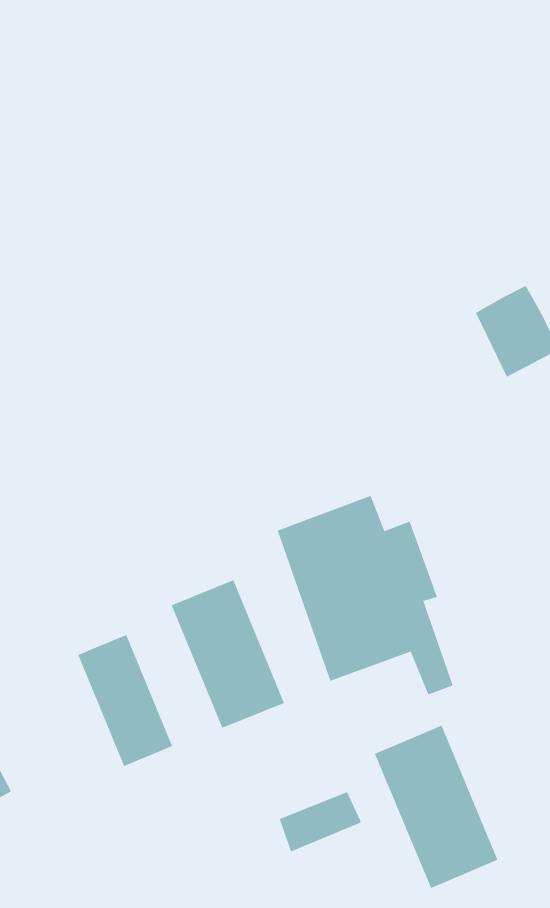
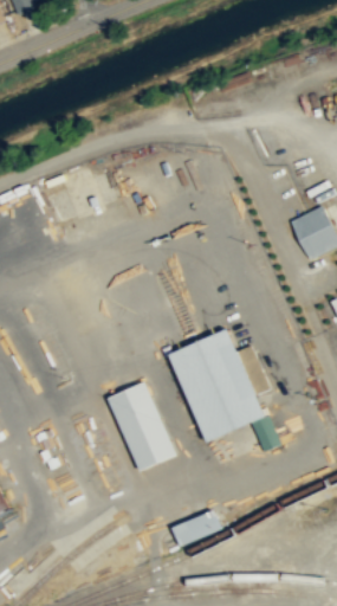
building: [78,634,173,767] -> none
building: [374,725,498,889] -> none

